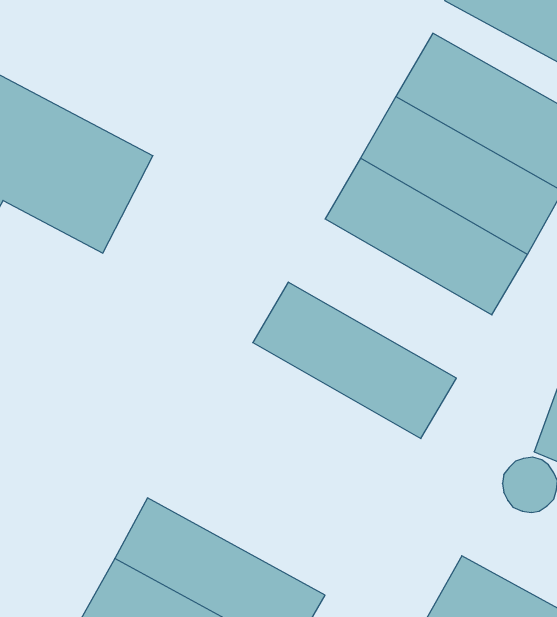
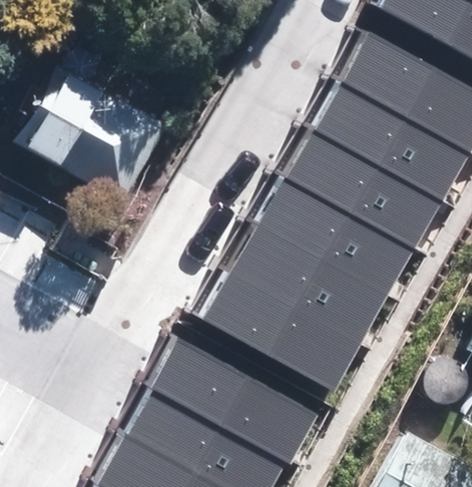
building: none -> [261,174,416,296]
building: none -> [206,269,362,390]
building: none -> [153,338,319,463]

